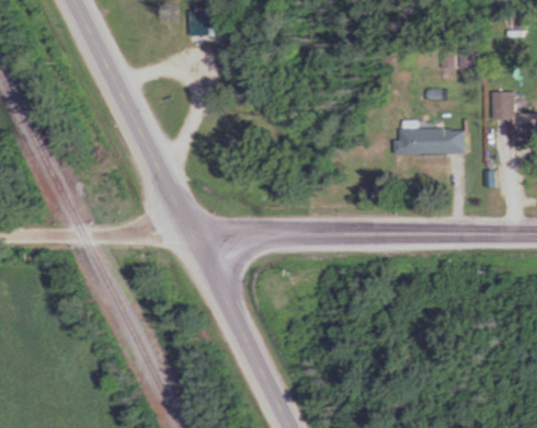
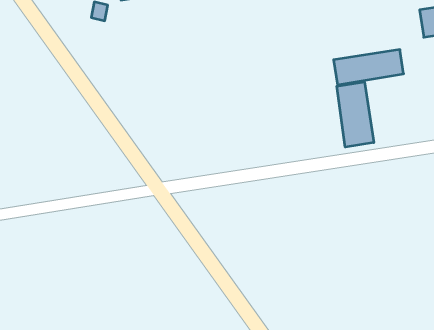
building: none -> [337,82,374,147]

